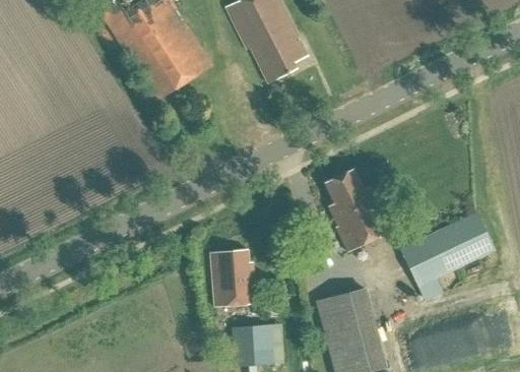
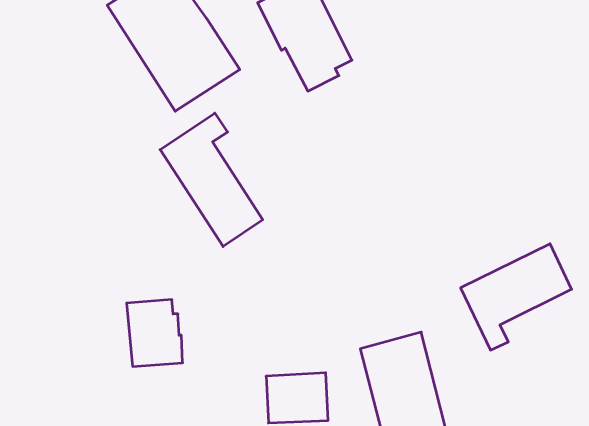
building: none -> [160,113,263,247]
building: [322,171,389,254] -> none
building: [208,248,256,305] -> [127,300,183,366]

